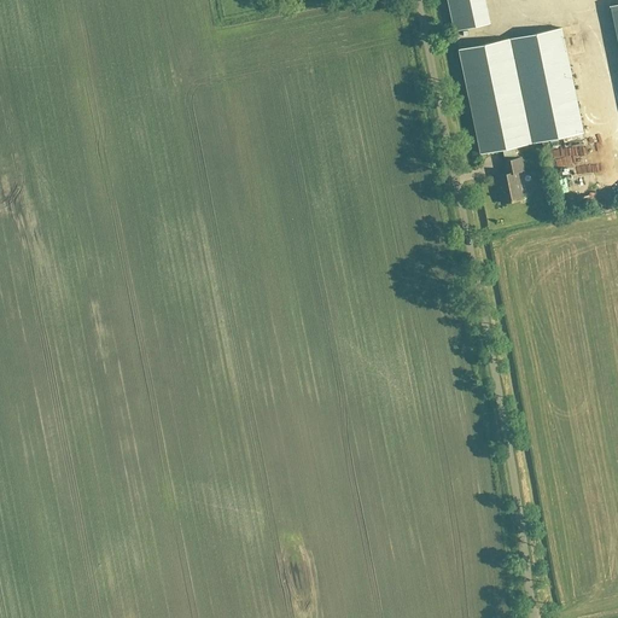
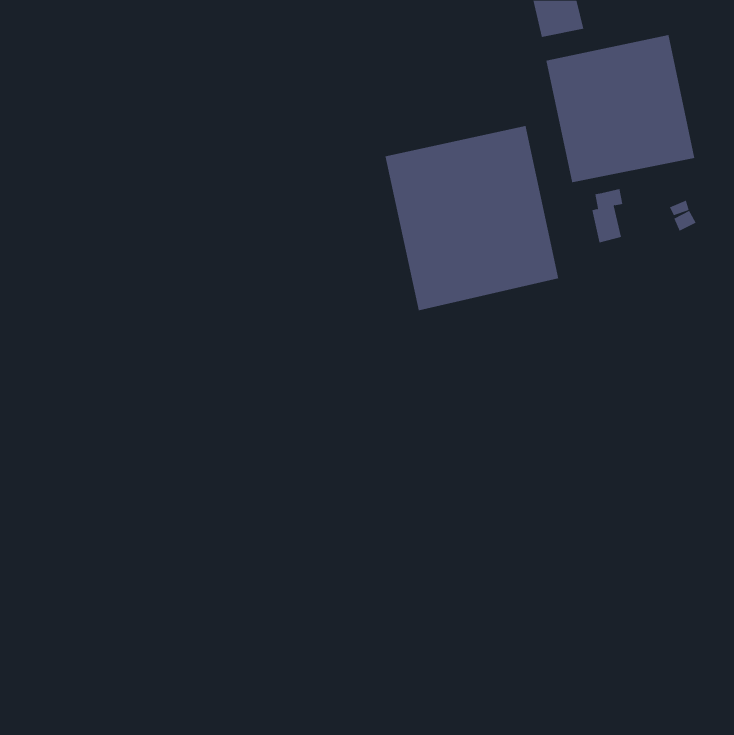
building: none -> [385,125,559,311]

